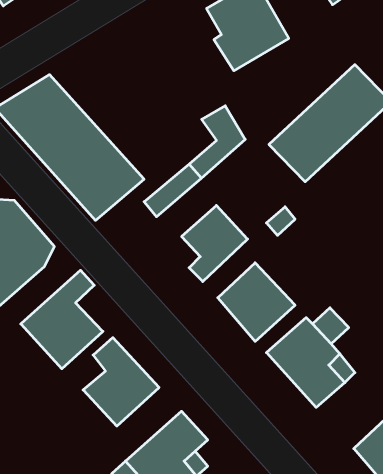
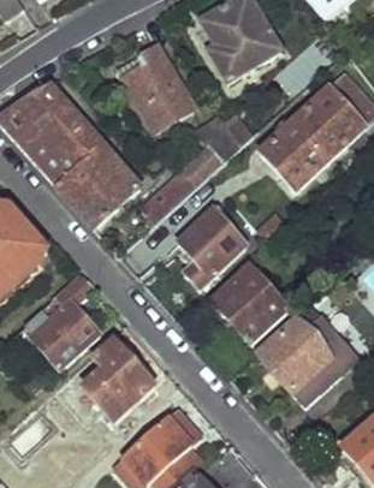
building: none -> [126,47,196,130]

